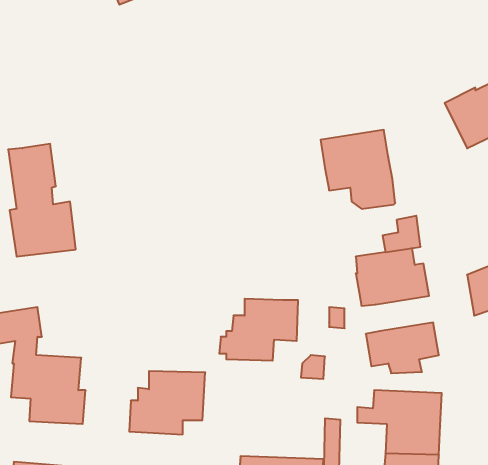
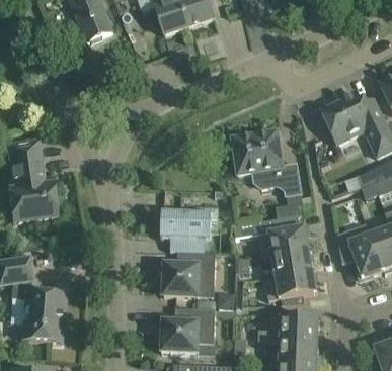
building: none -> [161,206,218,252]
building: none -> [271,249,313,274]
building: [129,371,205,434] -> [161,307,216,353]

